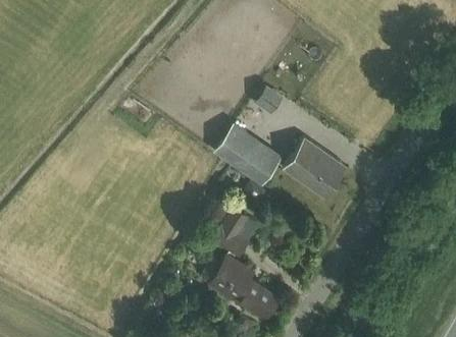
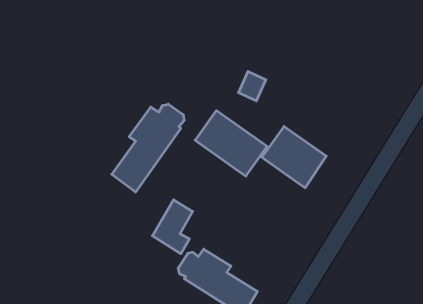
building: none -> [112,104,184,192]
building: [213,206,252,258] -> [152,200,193,254]

